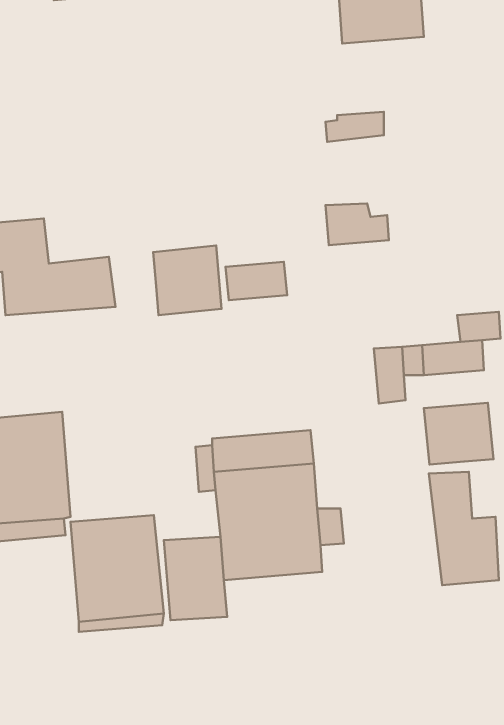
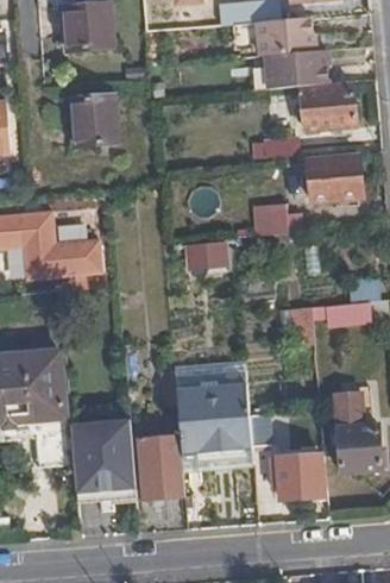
building: none -> [298,81,351,126]
building: none -> [64,92,118,149]
building: none -> [304,152,357,208]
building: [153,246,222,315] -> none
building: [424,403,494,465] -> none
building: none -> [266,450,320,497]

